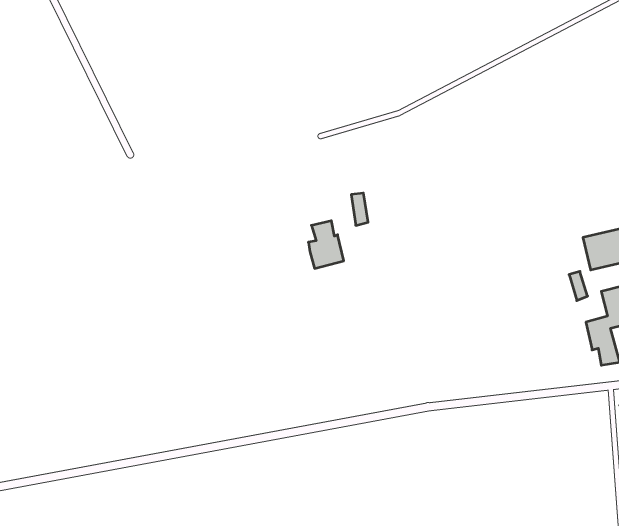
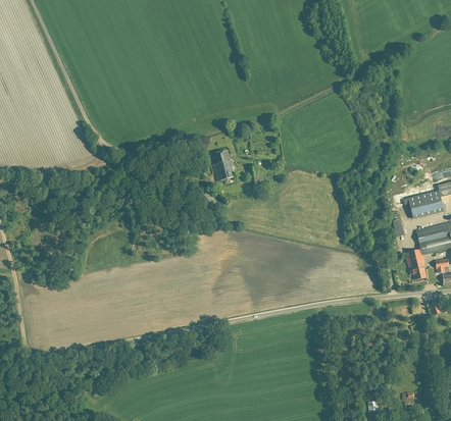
building: [308,221,344,268] -> [212,149,236,180]

